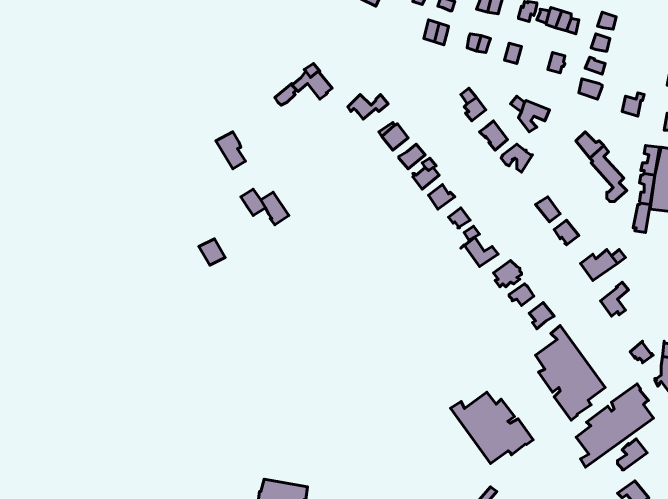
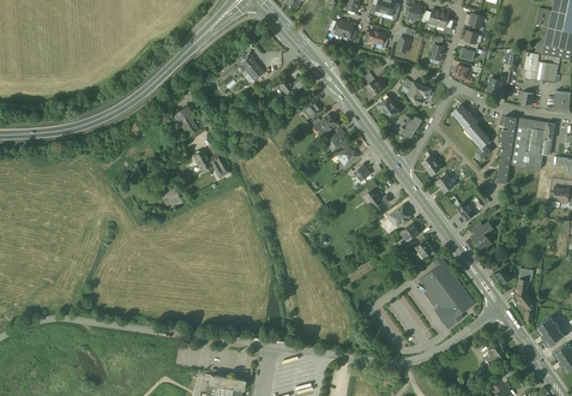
building: [576,384,653,467] -> none
building: [451,392,533,464] -> none

